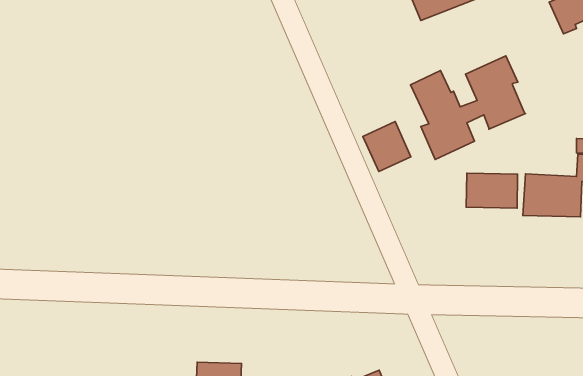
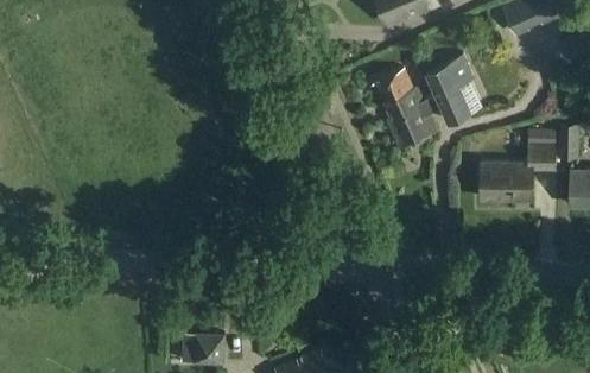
building: [363,122,411,172] -> none
building: [466,173,518,208] -> none

